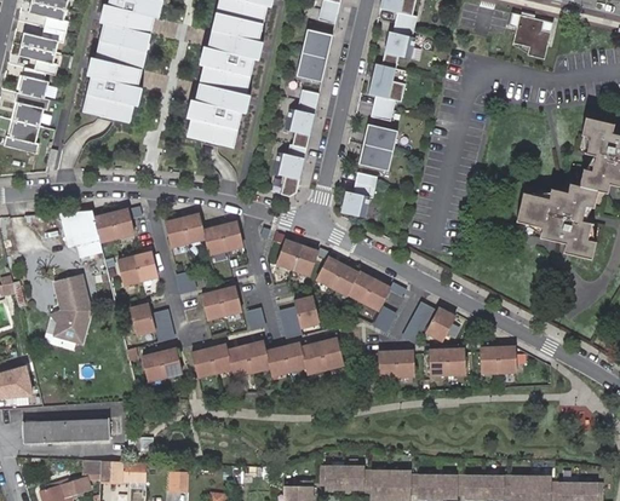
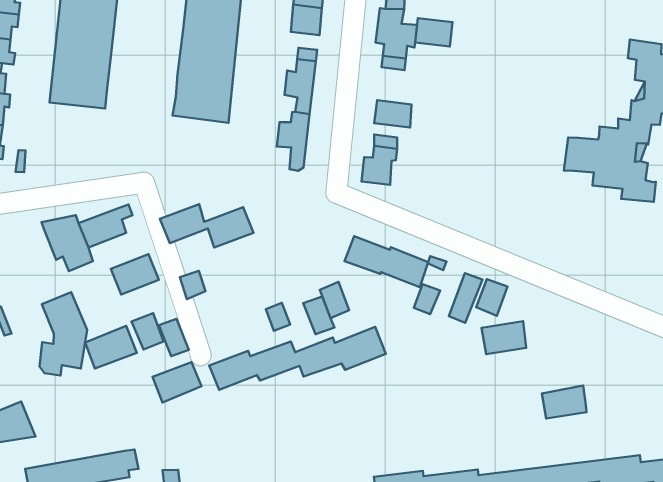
building: [363,123,397,151] -> [415,18,452,47]
building: [277,240,318,273] -> none
building: [201,287,242,318] -> none
building: none -> [85,326,137,369]
building: [480,346,516,370] -> [542,386,587,418]
building: [378,351,414,375] -> none

